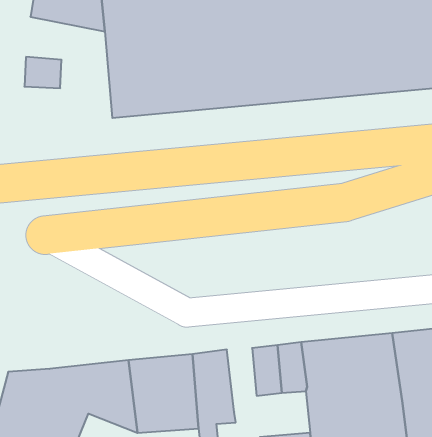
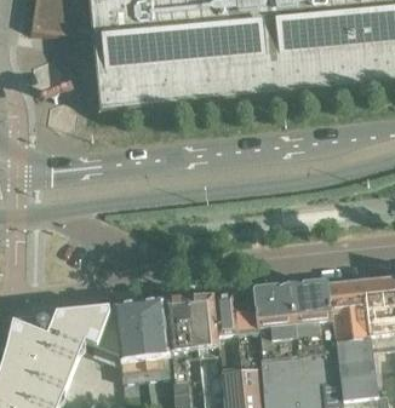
building: none -> [194,294,219,346]

